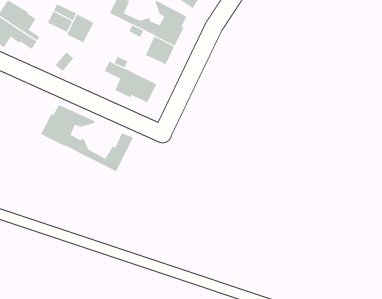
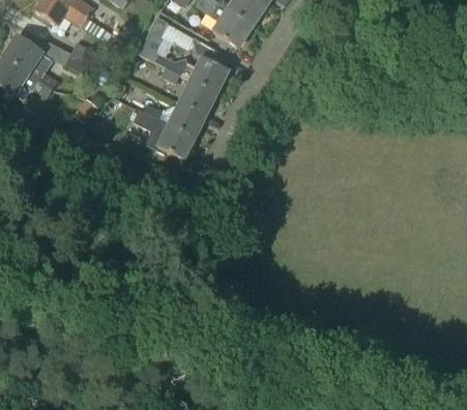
building: [67,14,94,43] -> none
building: none -> [169,104,205,138]
building: [41,104,134,172] -> none

